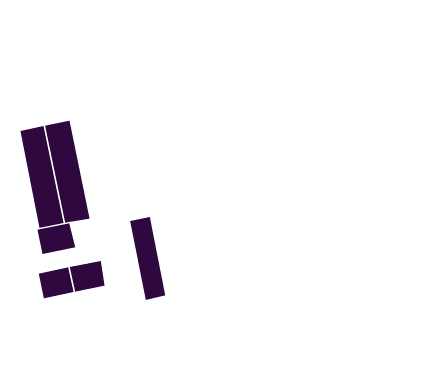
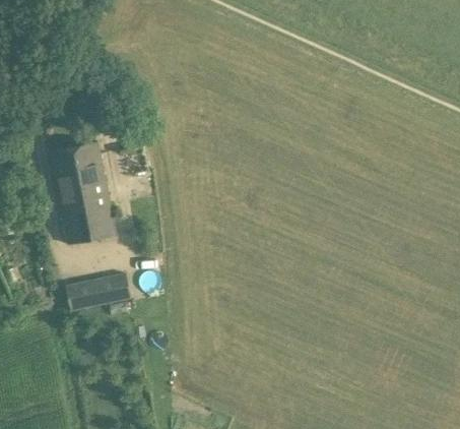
building: [129,216,166,301] -> none
building: [37,223,76,255] -> none

